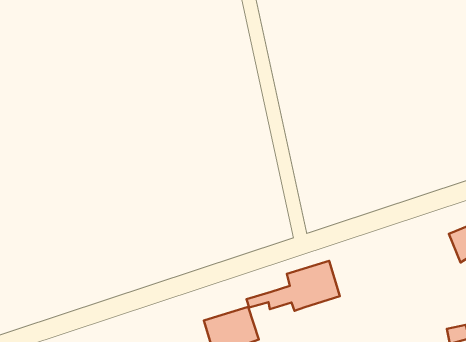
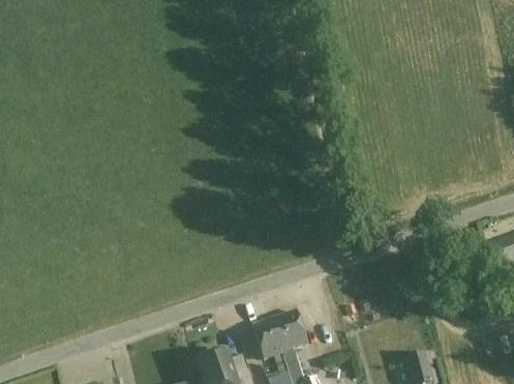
building: [246,261,340,311] -> none

